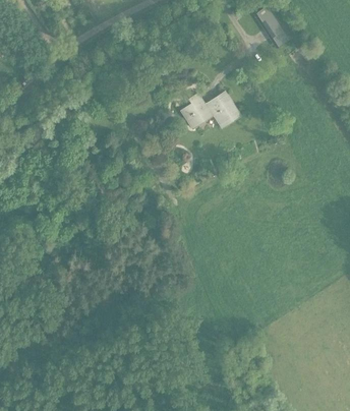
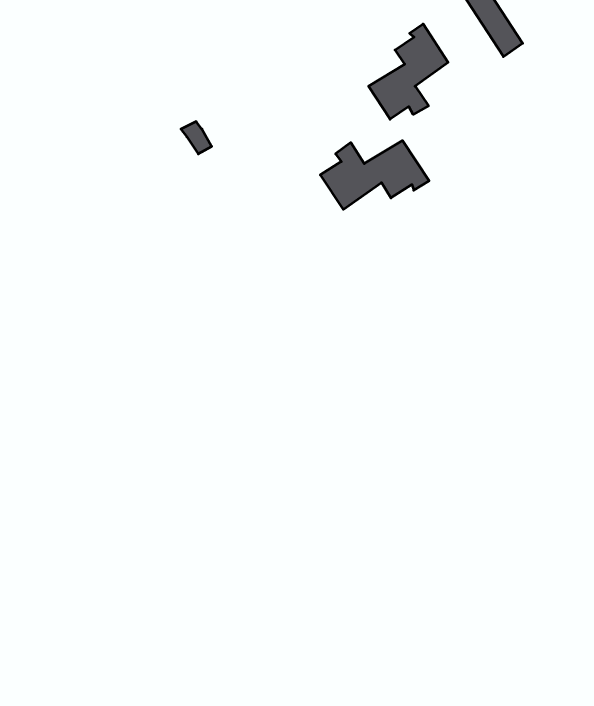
building: none -> [369,24,448,119]

